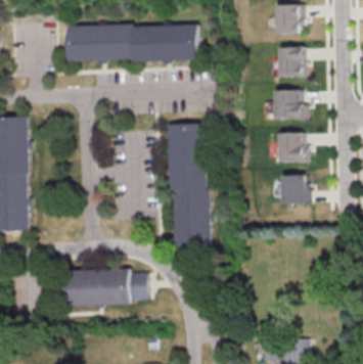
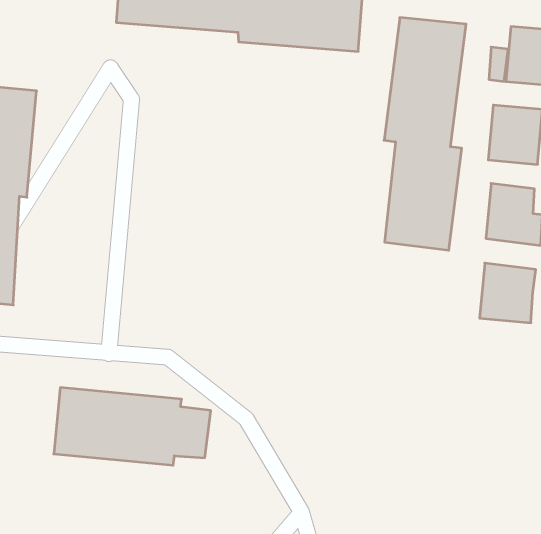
building: [165,121,207,242] -> [384,18,466,250]

